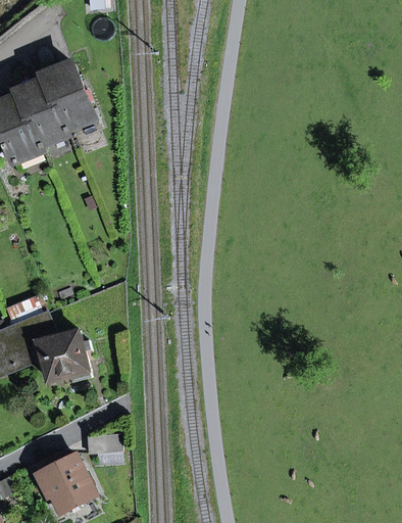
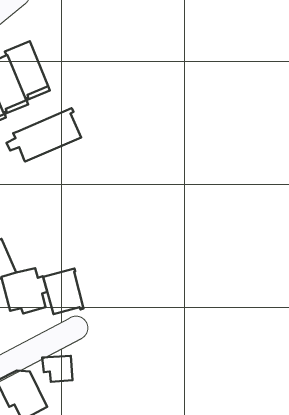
building: none -> [6,108,81,162]
building: none -> [43,268,84,314]

